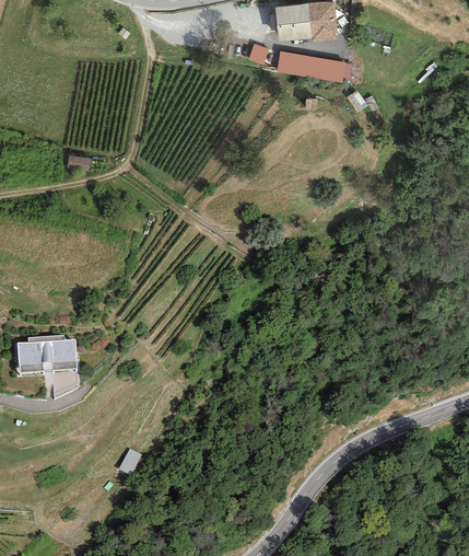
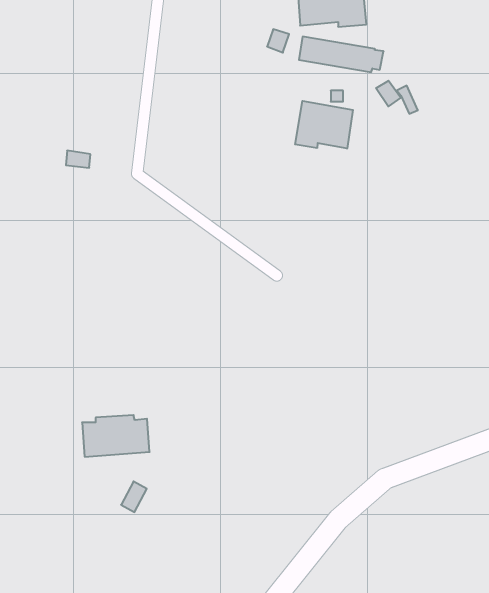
building: none -> [295,101,353,149]
building: [16,335,77,372] -> [82,415,150,457]

